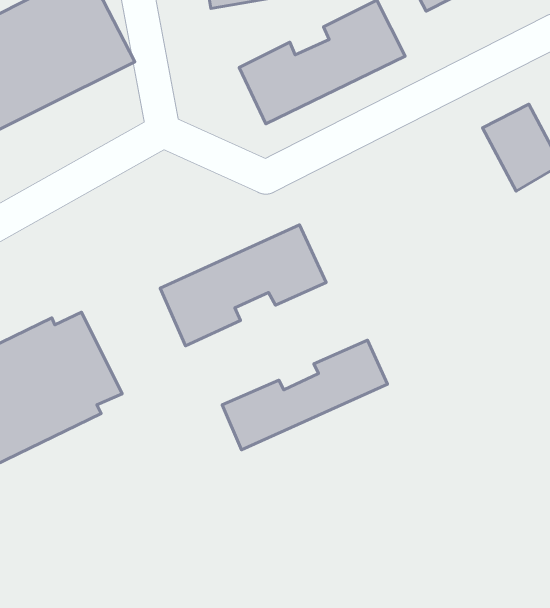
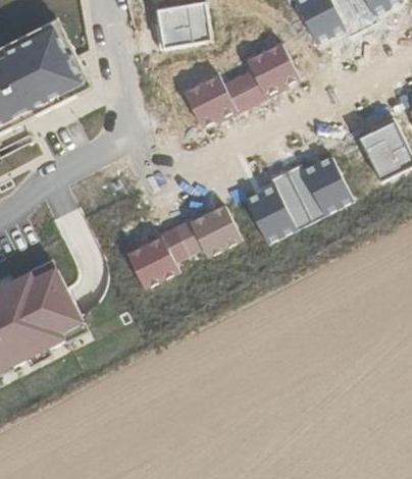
building: none -> [238,145,355,244]
building: [222,340,388,450] -> none

